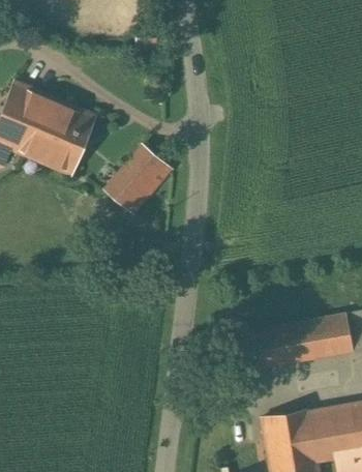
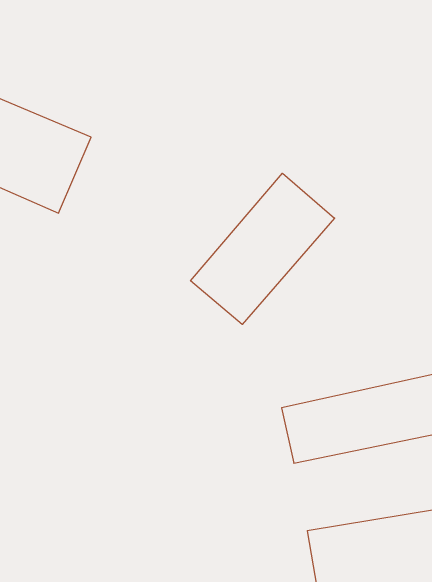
building: none -> [191,173,335,324]
building: [113,158,165,211] -> none

